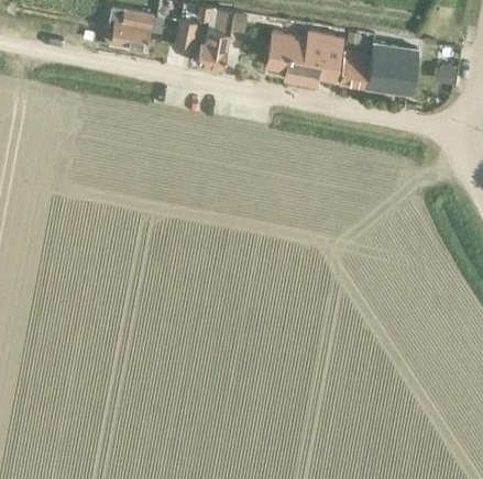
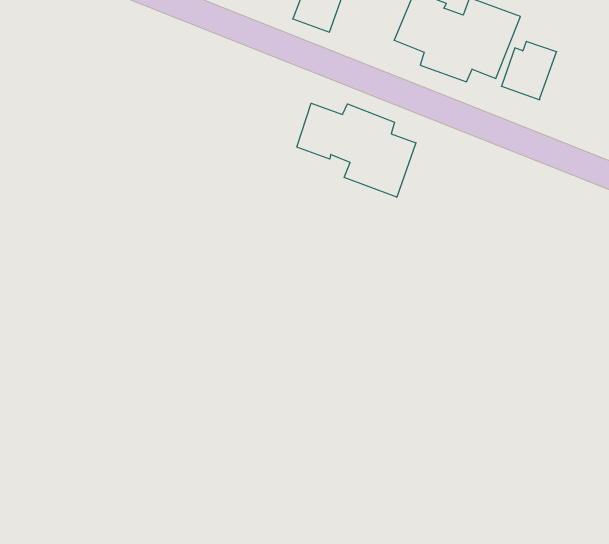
building: [367,35,405,93] -> none
building: none -> [297,103,416,197]

